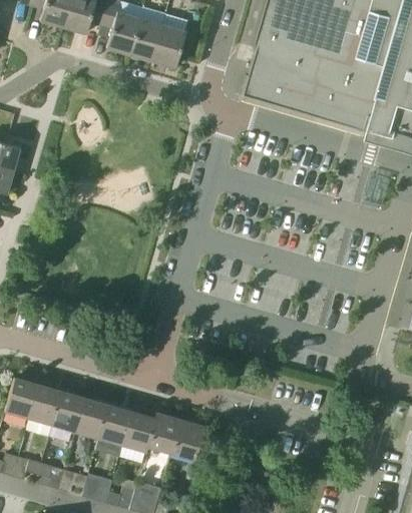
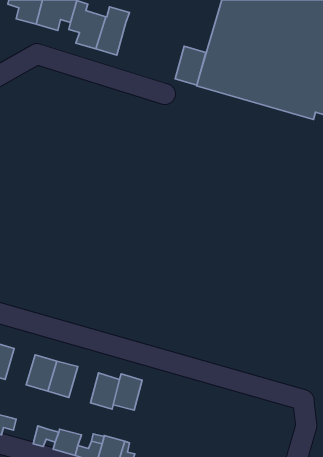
building: [152,25,186,68] -> [175,46,206,85]
building: [29,385,62,425] -> none
building: [99,405,132,445] -> none
building: [171,420,204,460] -> none
building: [37,463,65,490] -> none

